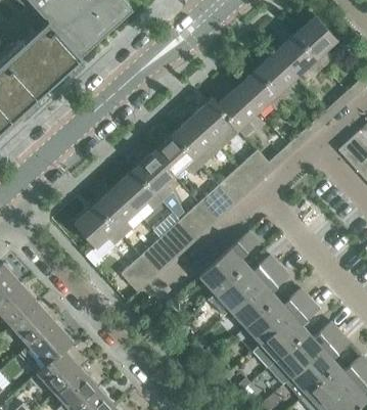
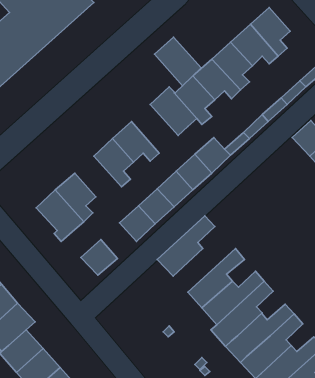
building: [173,117,221,167] -> [155,37,201,86]
building: [114,170,163,212] -> none
building: [141,238,178,275] -> none
building: [216,255,280,310] -> none

